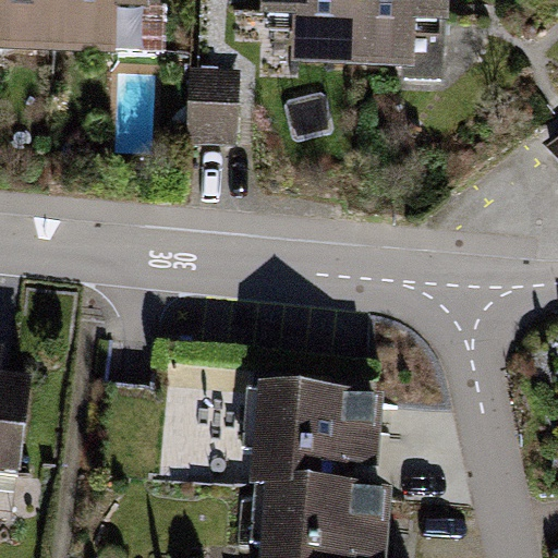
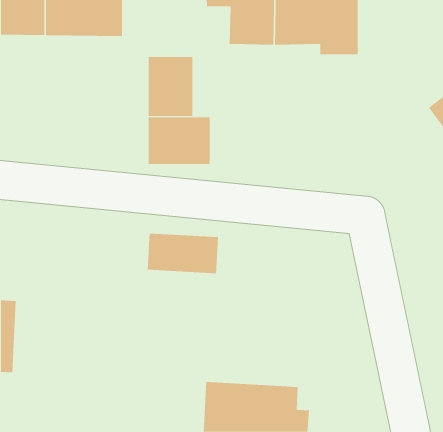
building: none -> [148,116,210,165]
building: none -> [147,233,218,274]
building: [242,384,377,483] -> none

